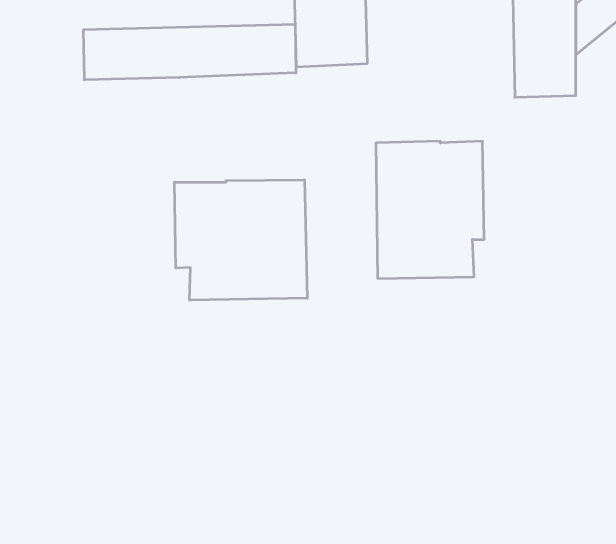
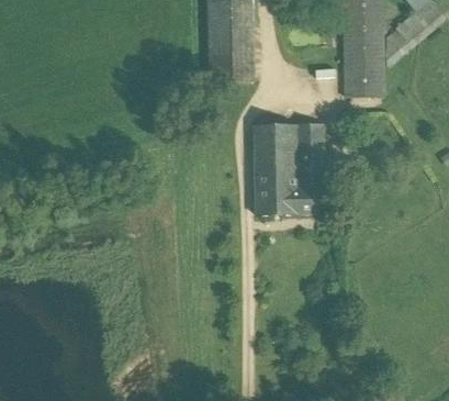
building: [84,24,296,80] -> none
building: [174,180,307,300] -> none

